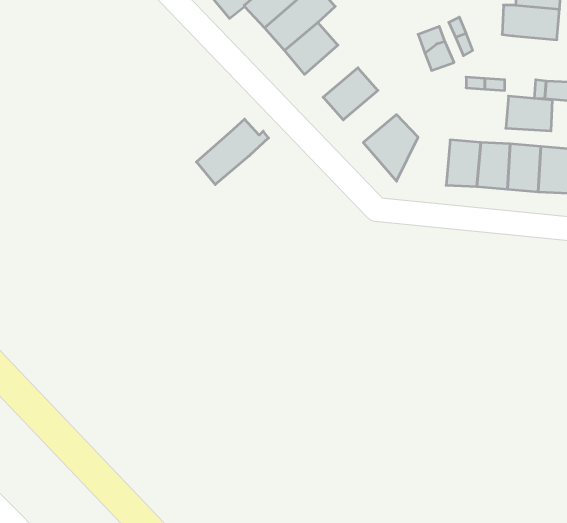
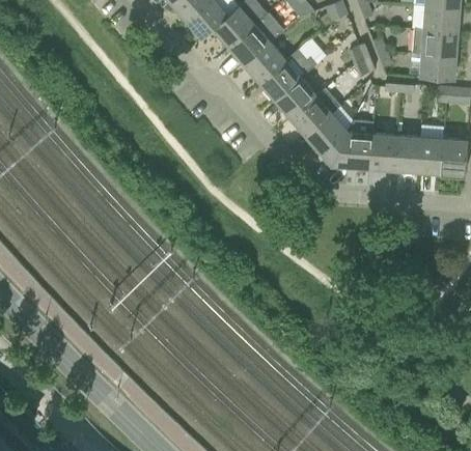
building: none -> [288,86,340,135]
building: [506,96,552,131] -> [418,52,454,79]
building: [196,119,269,185] -> [258,49,314,100]
building: none -> [330,131,371,168]

